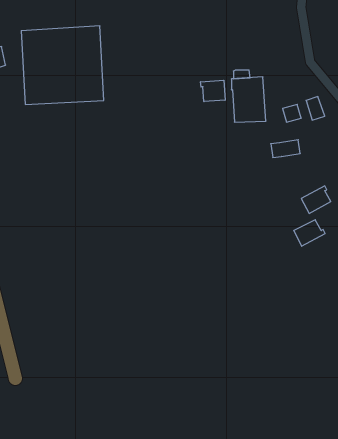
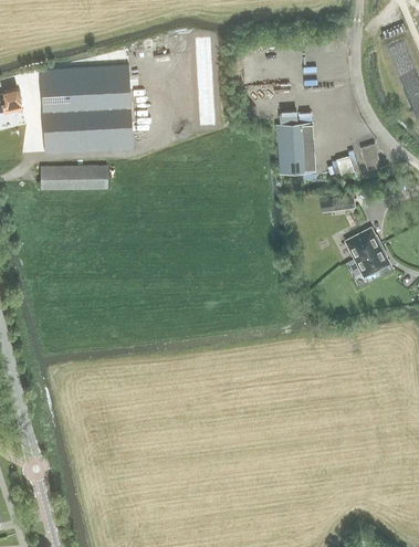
building: [201,80,225,102] -> none
building: none -> [40,167,107,190]
building: [294,220,325,246] -> [346,230,381,260]

